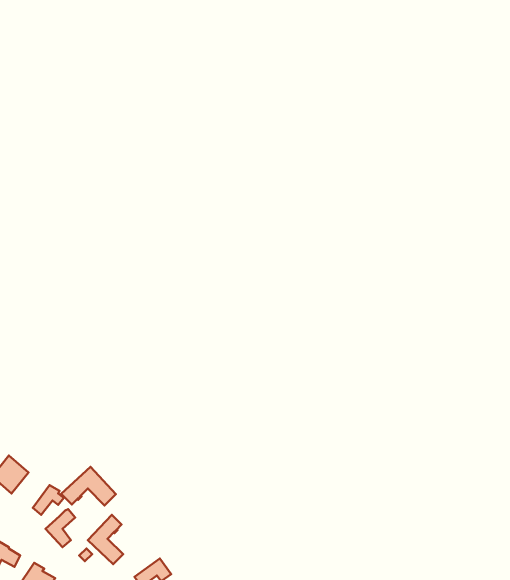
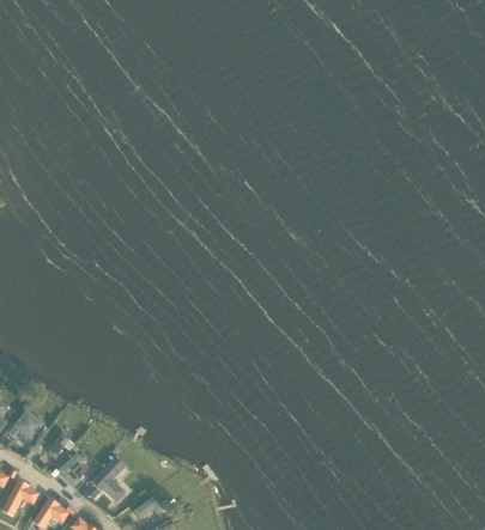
building: [61,467,116,505] -> none

